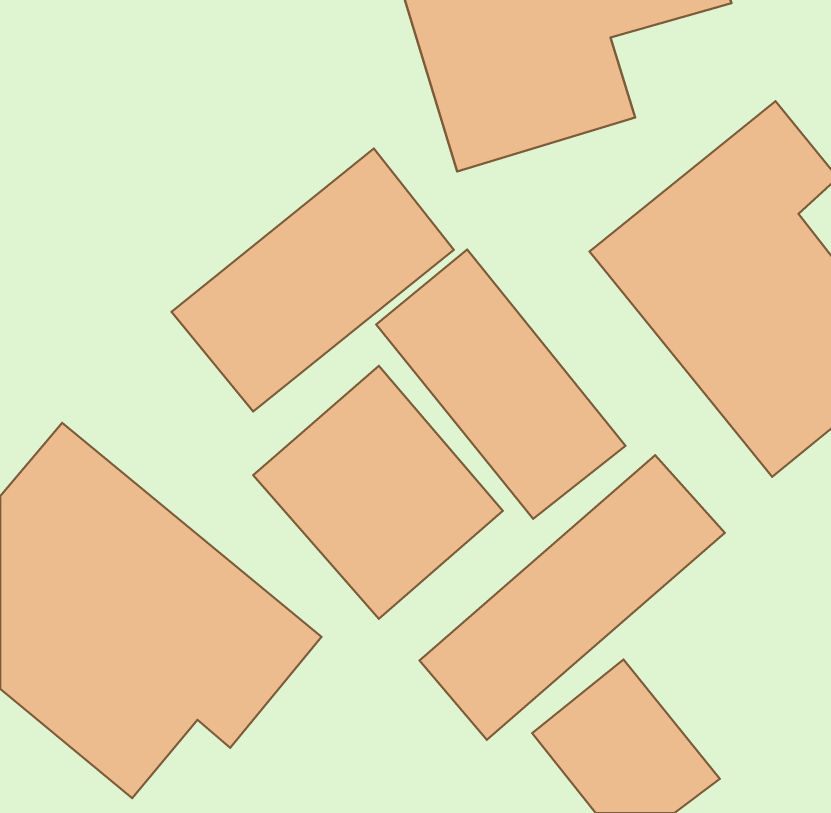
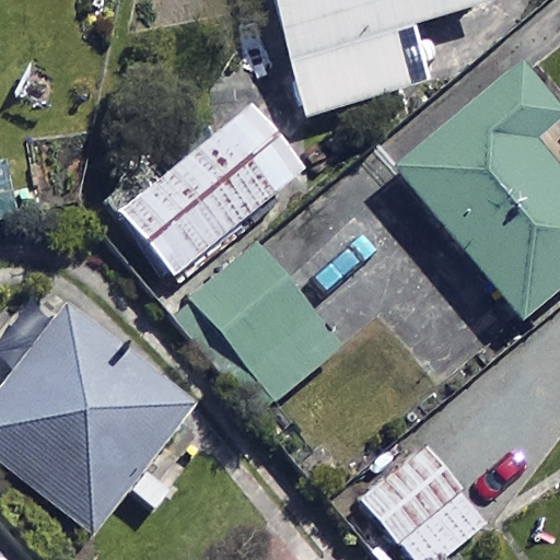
building: [376,250,625,519] -> none
building: [419,455,725,740] -> none

